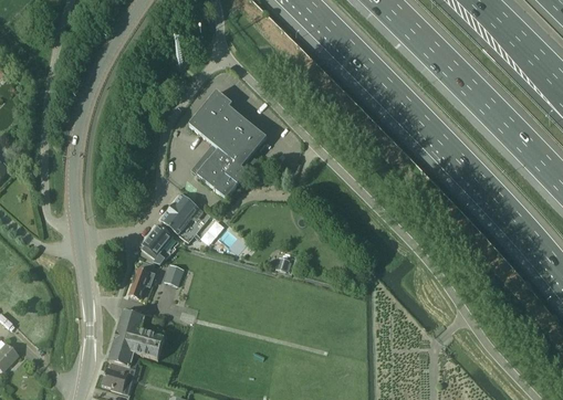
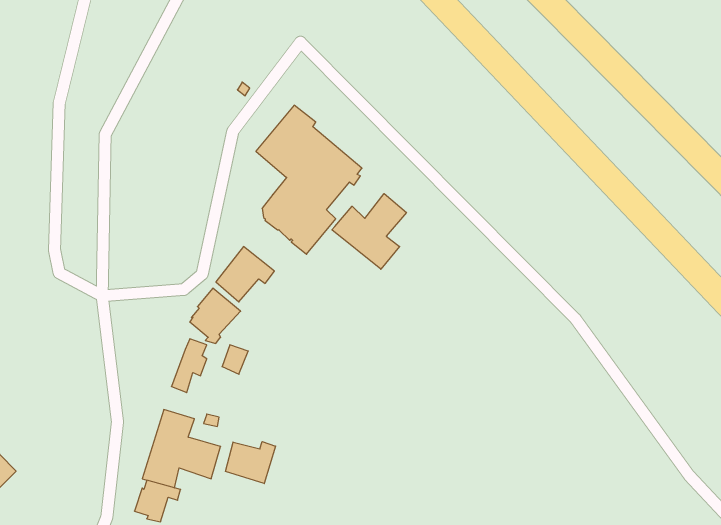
building: none -> [332,194,406,269]
building: none -> [225,442,276,484]

